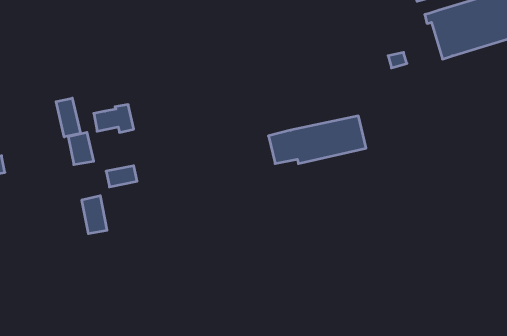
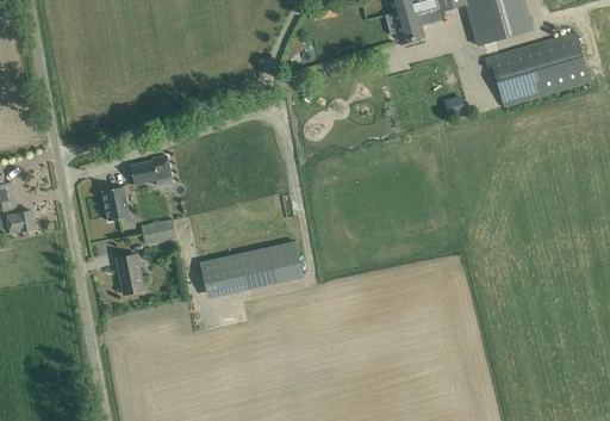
building: [56,98,80,137] -> none
building: [268,116,366,164] -> [199,241,304,292]

